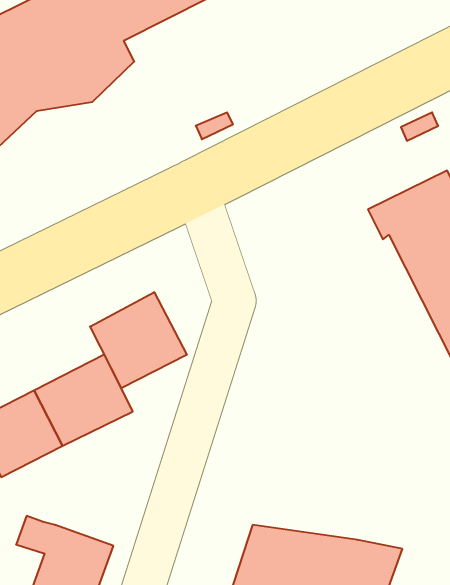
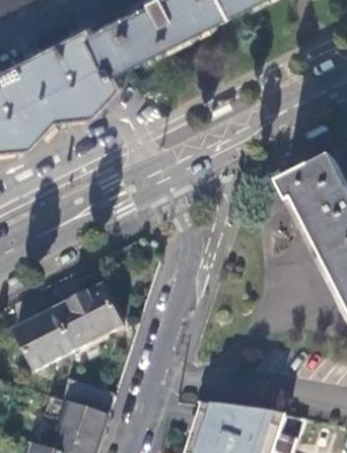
building: [90,292,187,388] -> none
building: none -> [62,379,116,416]

